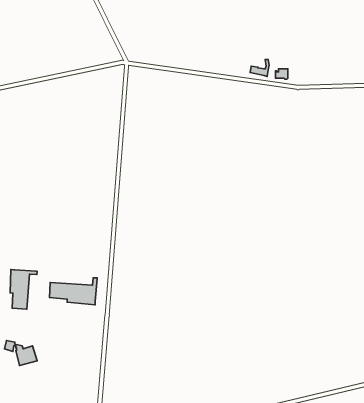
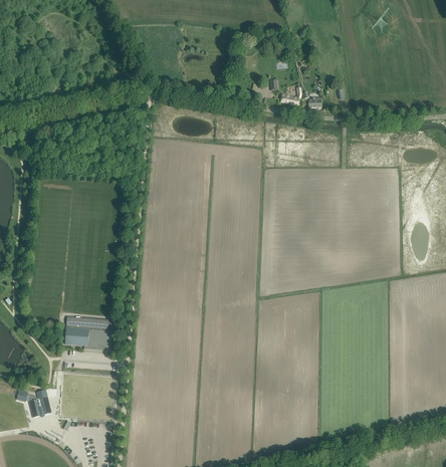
building: [10,269,37,309] -> none

